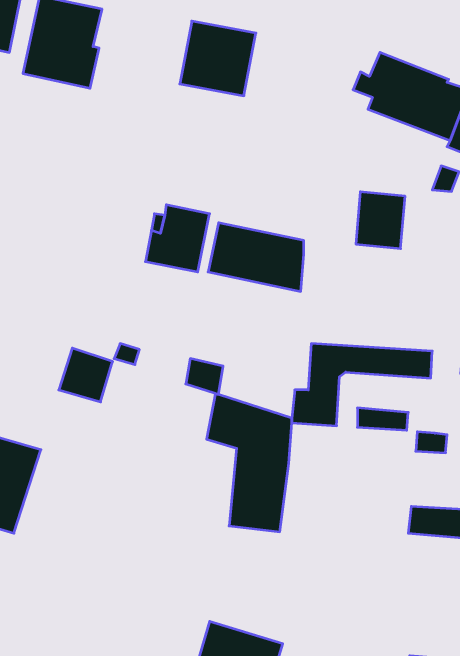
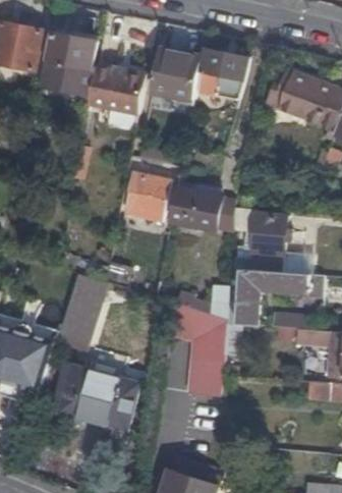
building: none -> [192,49,248,120]
building: none -> [87,64,146,114]
building: [356,192,405,249] -> [251,214,285,253]
building: none -> [54,363,138,431]

